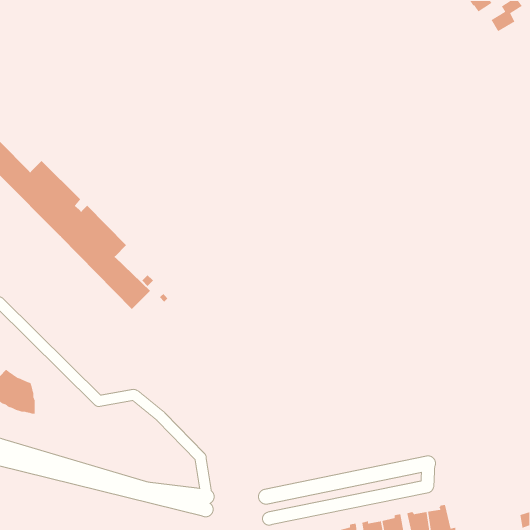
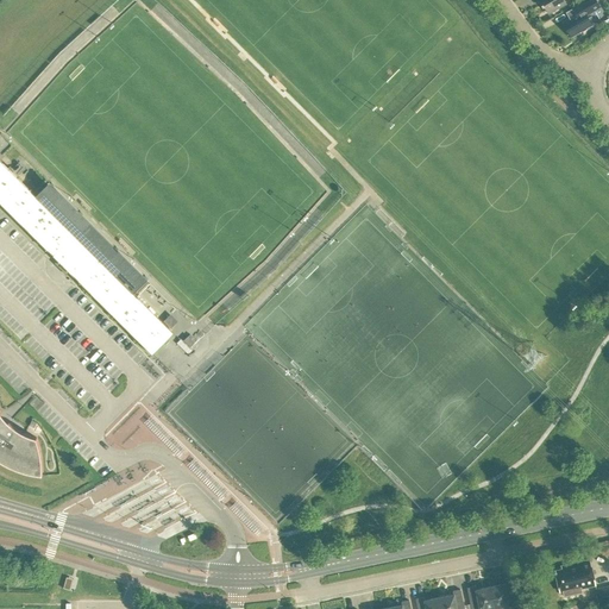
building: none -> [553,561,594,594]

